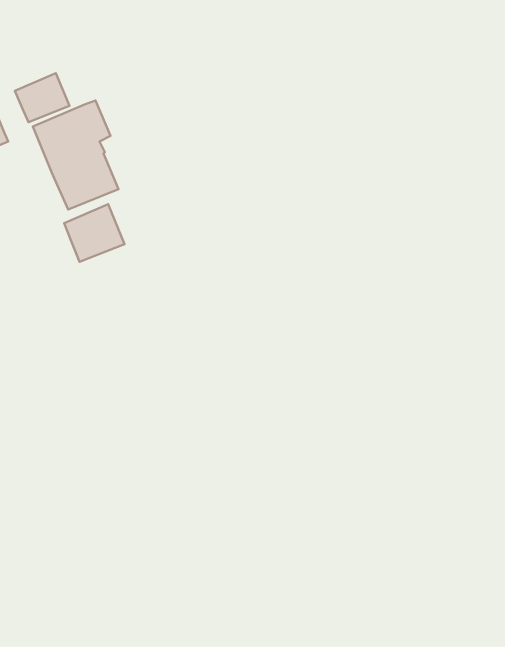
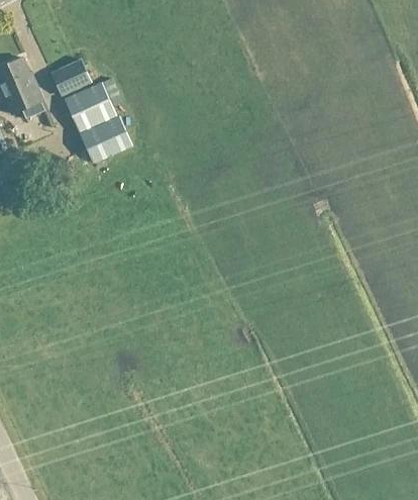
building: [64,204,124,262] -> none

